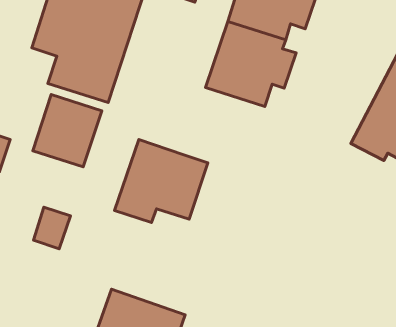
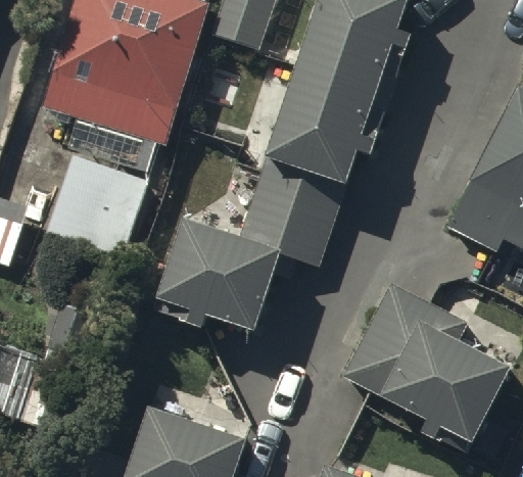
building: none -> [242,153,345,263]
building: none -> [346,288,507,451]

